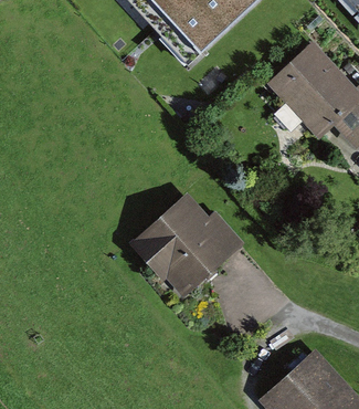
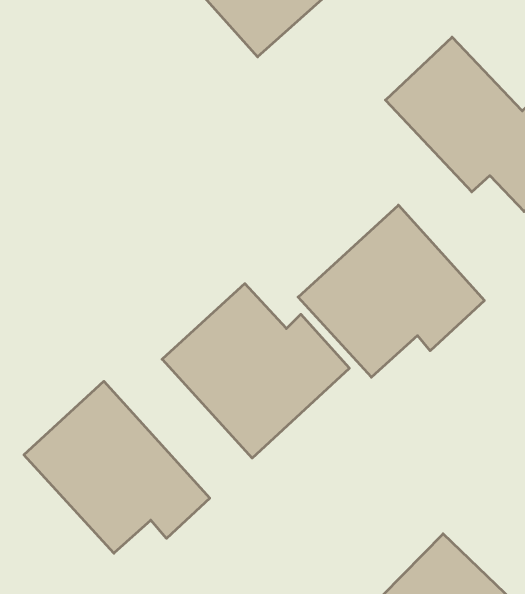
building: none -> [298,205,484,377]
building: none -> [24,381,210,553]

